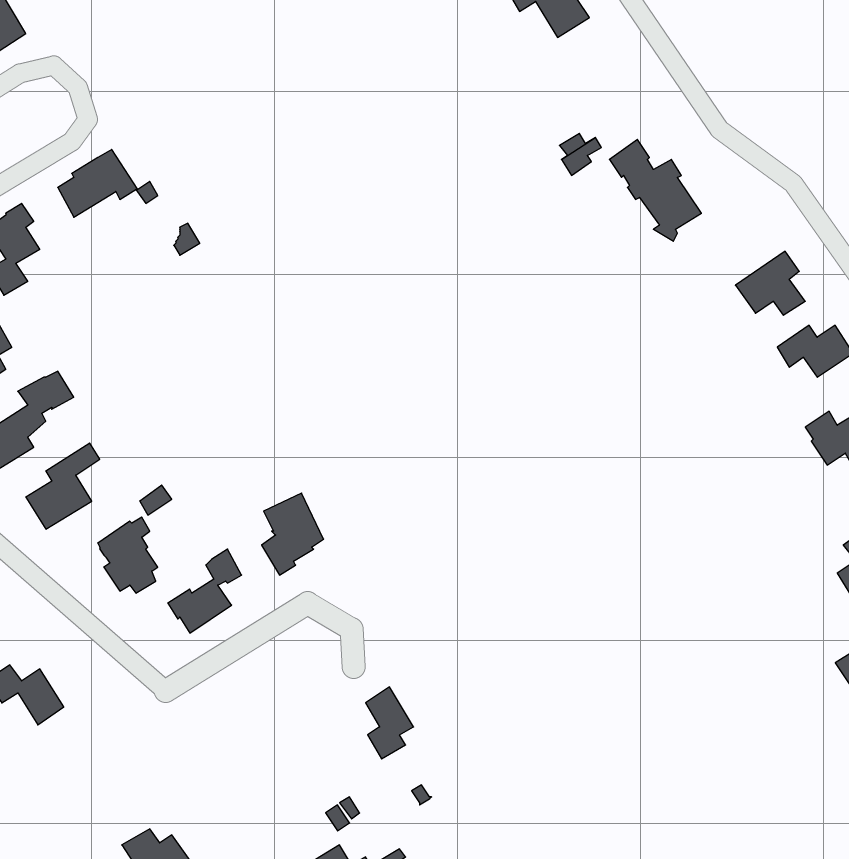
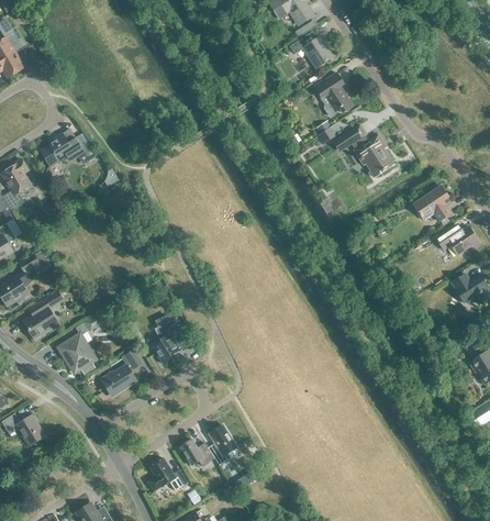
building: none -> [314,71,353,117]
building: none -> [180,439,214,465]
building: none -> [148,457,188,490]

